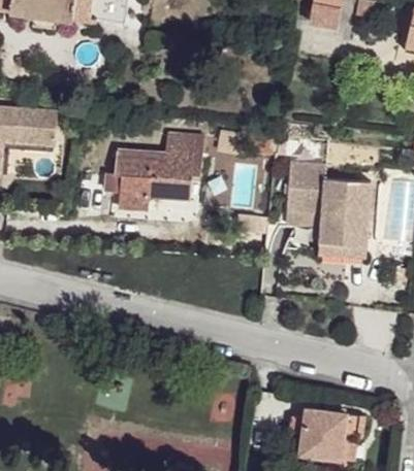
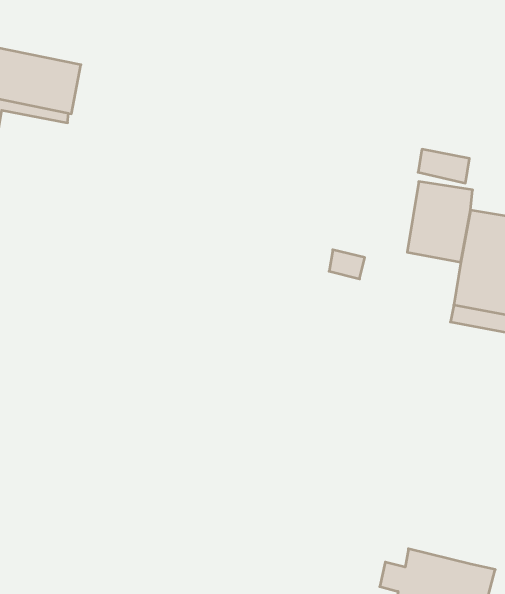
building: [117,134,204,209] -> none

